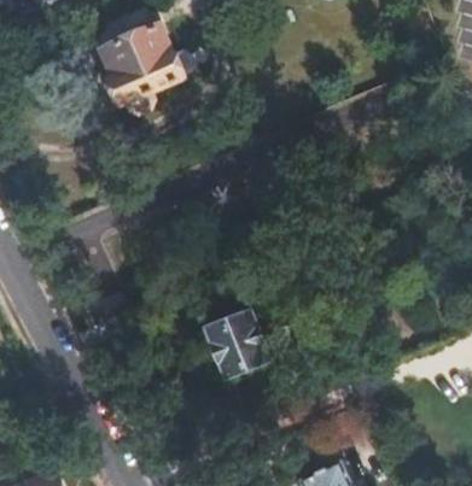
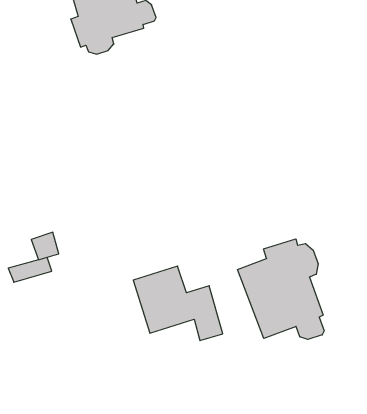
building: none -> [237,239,324,339]

